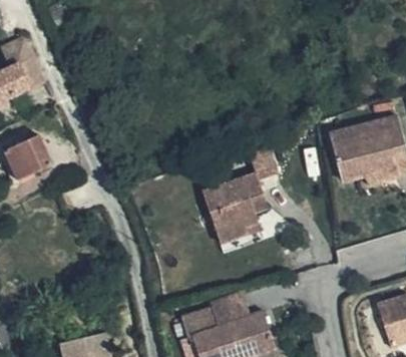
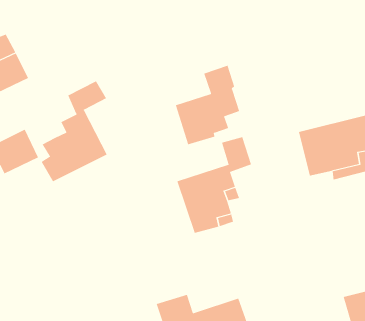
building: none -> [175,65,240,145]
building: none -> [41,80,108,182]

